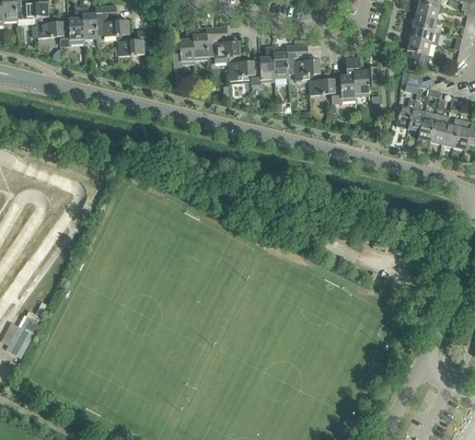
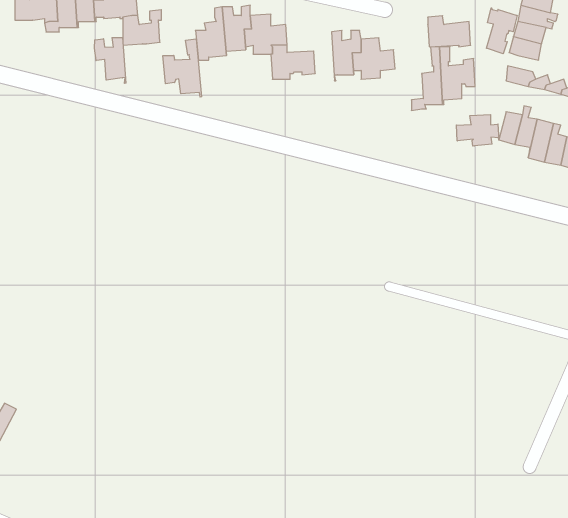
building: none -> [486,8,517,54]
building: [250,45,274,84] -> none
building: none -> [94,38,126,83]
building: none -> [163,39,202,97]
building: [308,72,339,95] -> [428,16,471,47]
building: none -> [456,115,499,146]

